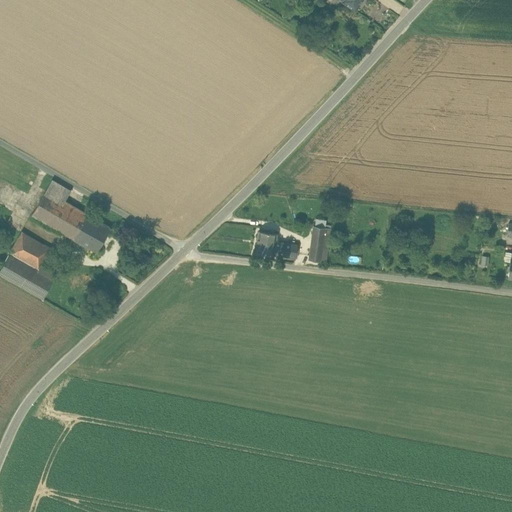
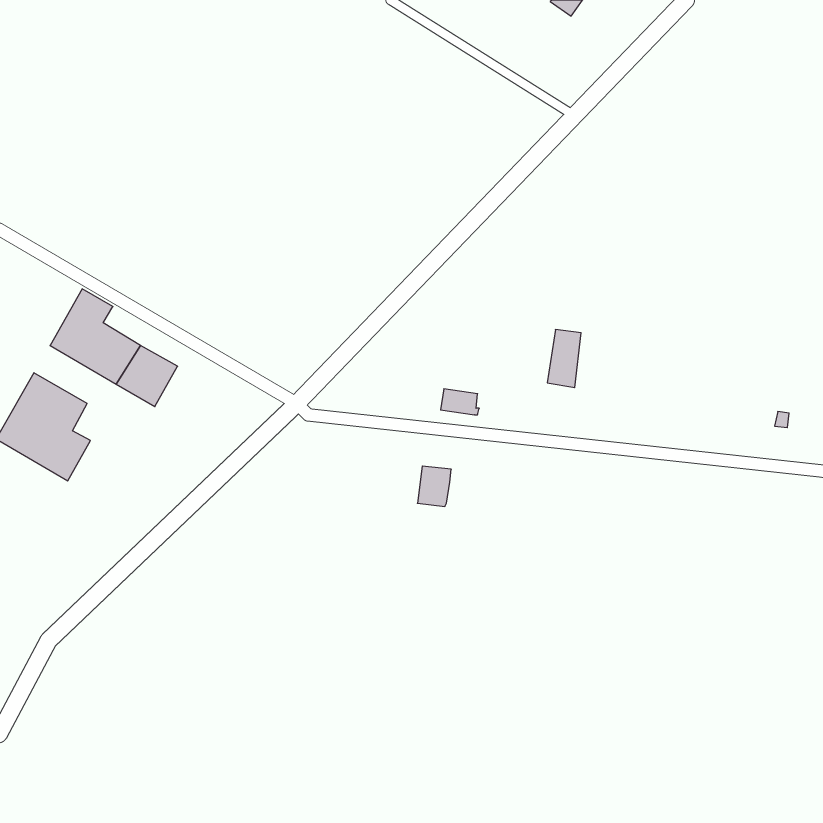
building: [308,227,329,263] -> [547,330,581,388]
building: [255,232,276,257] -> [417,466,451,506]

